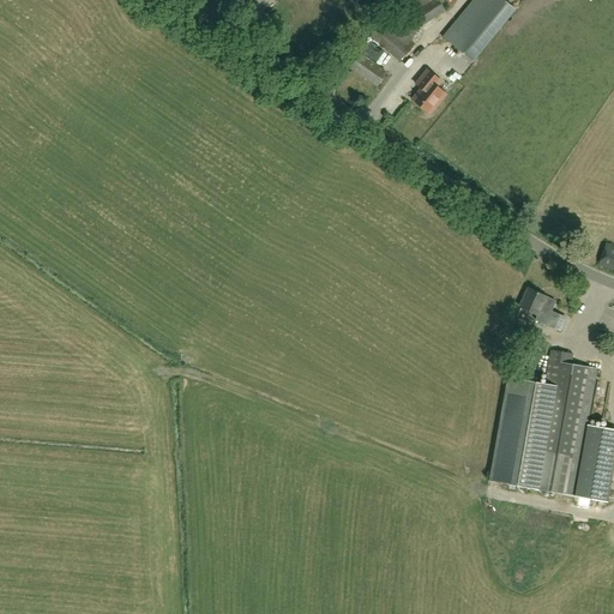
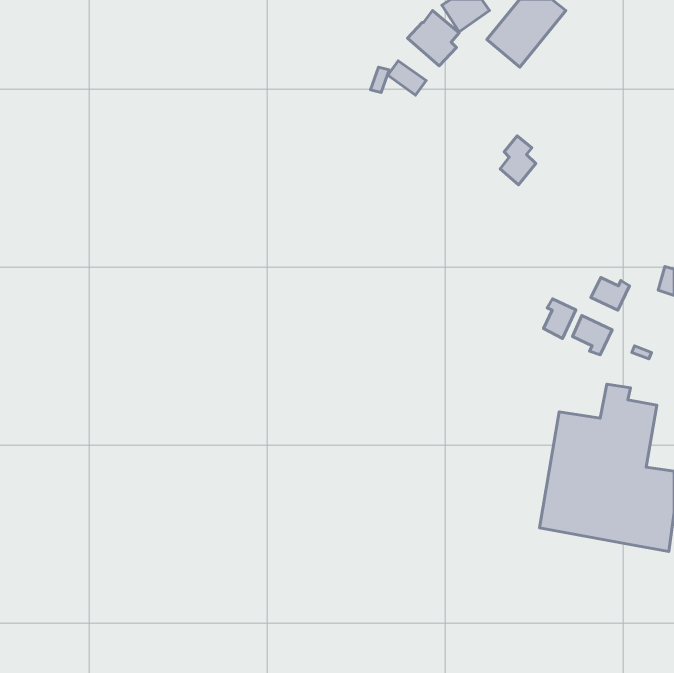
building: [414,68,446,113] -> [500,136,536,185]
building: none -> [591,277,630,310]
building: none -> [543,299,576,338]

